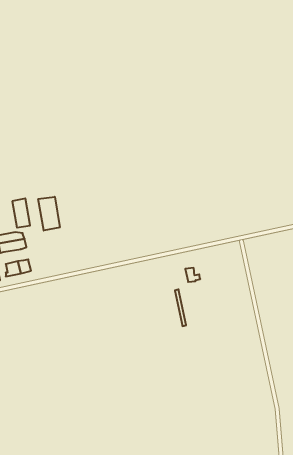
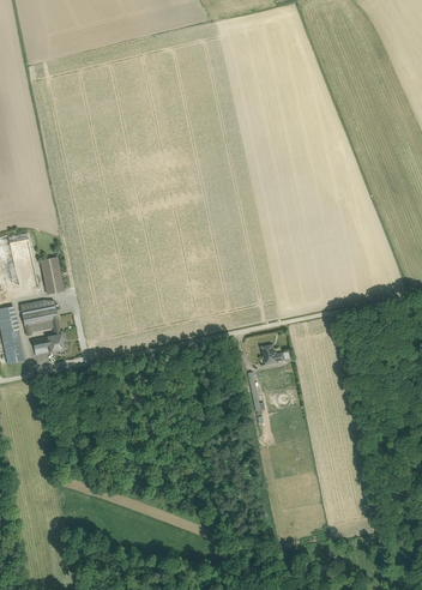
building: [38,197,60,231] -> none

